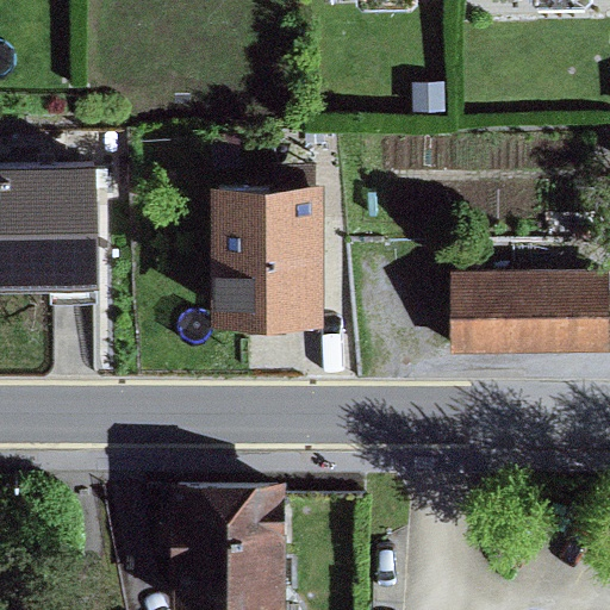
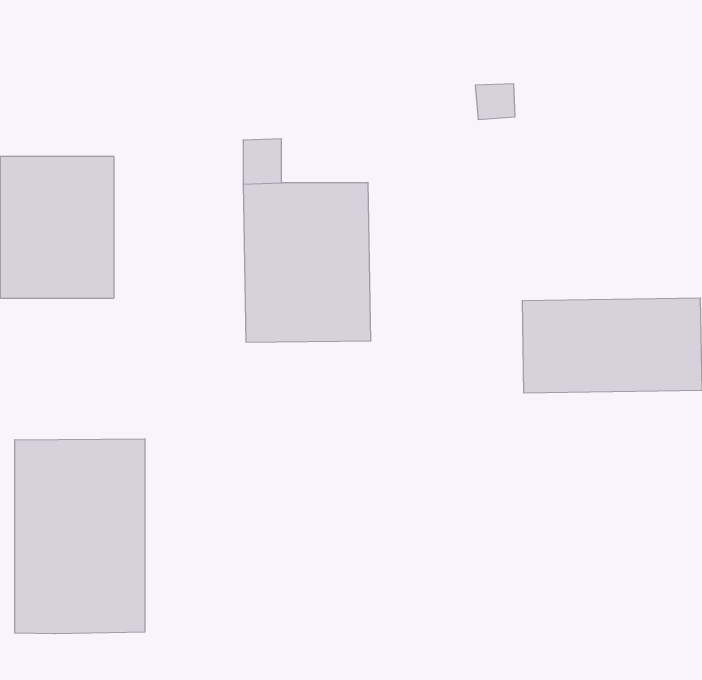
building: none -> [15,439,145,634]
building: [170,473,281,602] -> none

